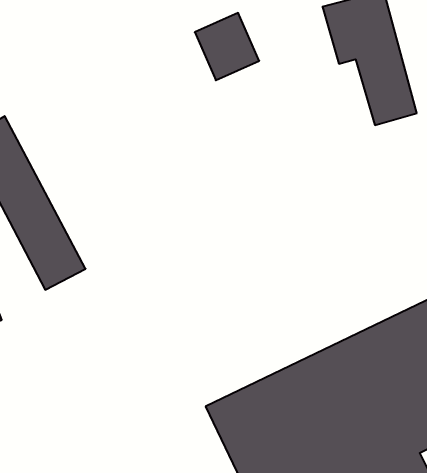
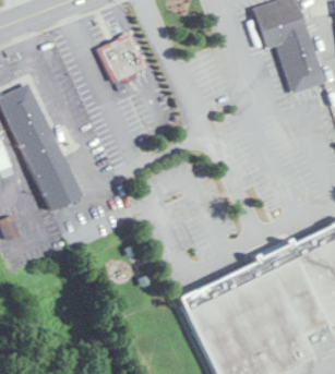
building: [195,13,259,80] -> [99,35,146,84]

